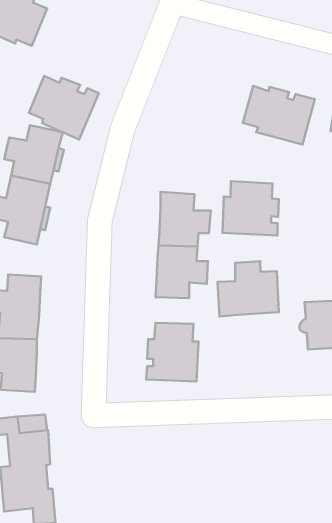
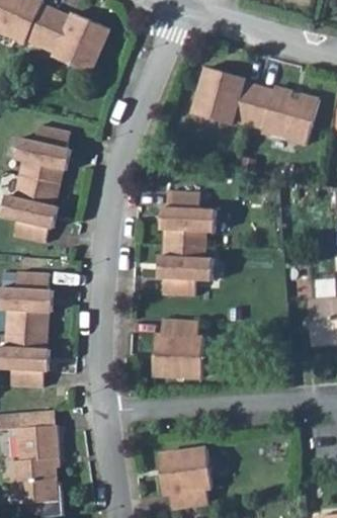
building: none -> [192,66,257,123]
building: [29,76,99,140] -> [39,10,108,73]
building: [222,181,279,235] -> none
building: [218,261,279,317] -> none
building: none -> [157,447,212,509]

